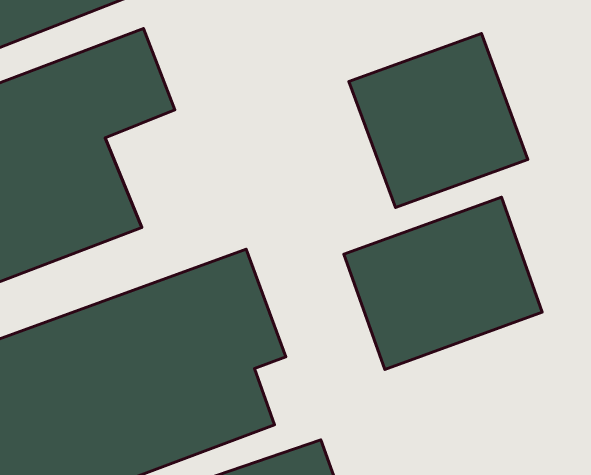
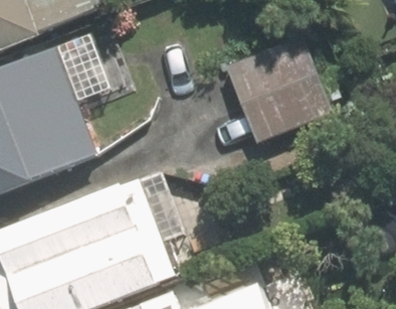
building: [344,197,542,369] -> none

